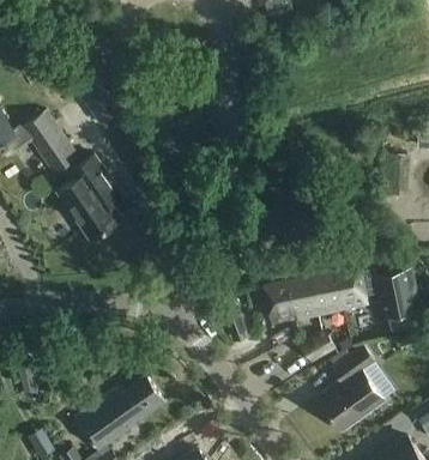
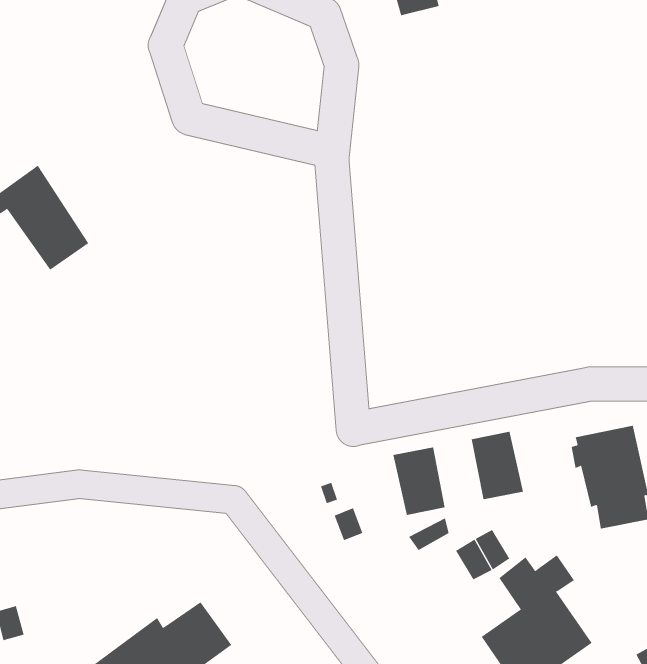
building: [59,155,123,240] -> none
building: [336,266,375,309] -> none
building: [289,277,319,319] -> none

